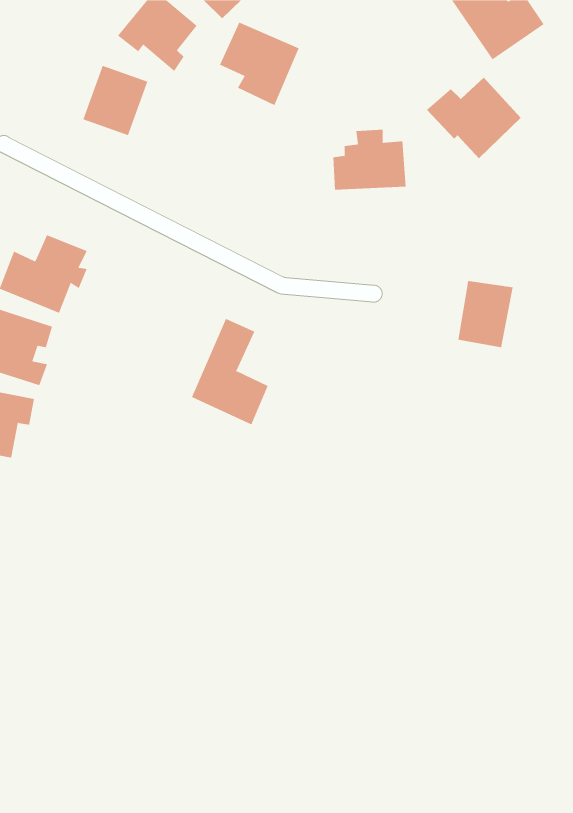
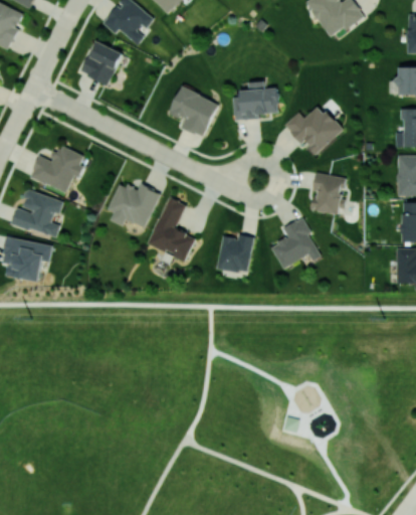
building: [219,22,300,106] -> [170,87,219,138]
building: [426,77,522,159] -> [284,105,343,155]
building: none -> [108,182,161,228]
building: none -> [270,217,321,269]
building: none -> [216,233,254,274]

